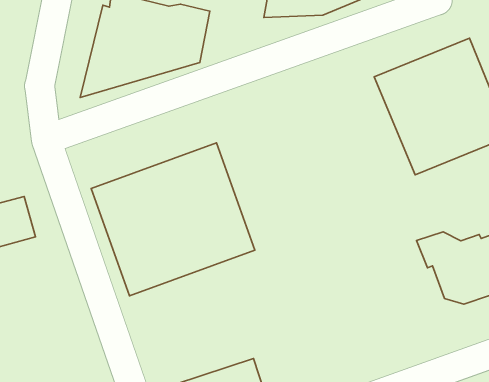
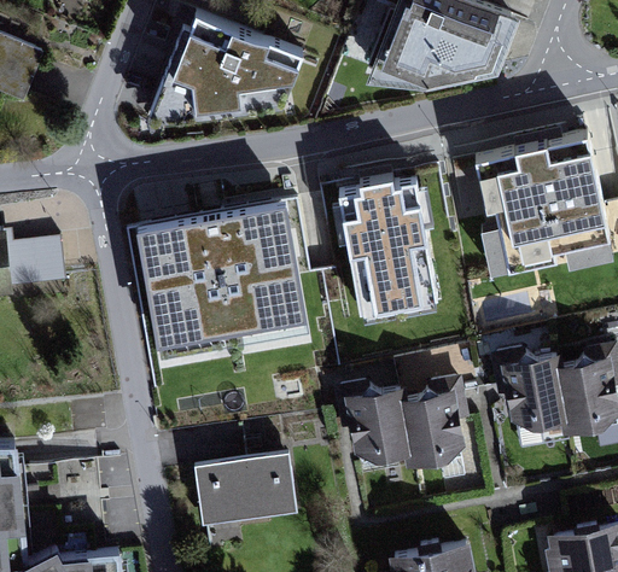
building: none -> [338,179,442,325]
building: none -> [334,372,472,468]

